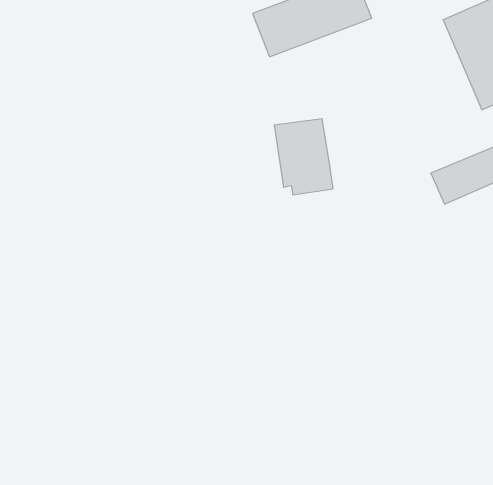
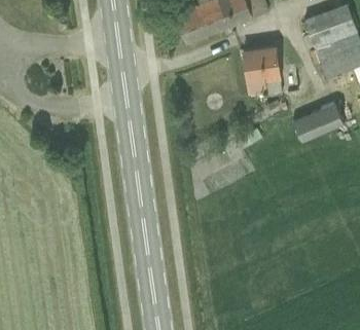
building: [274,119,333,195] -> [243,46,282,97]

